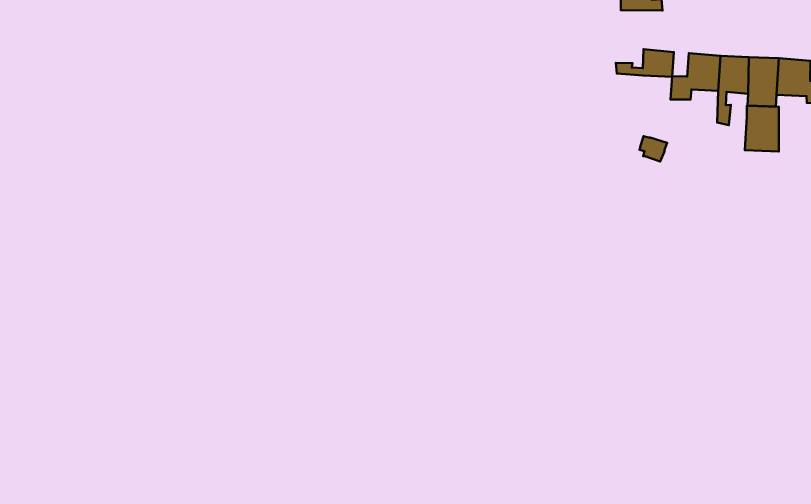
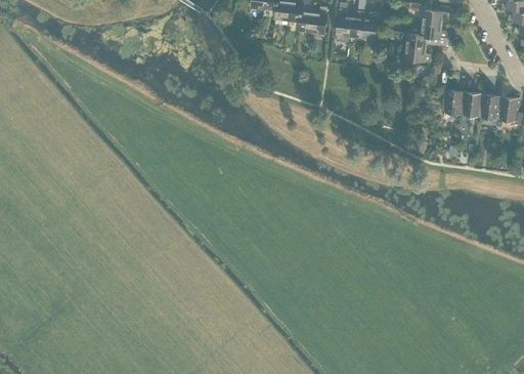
building: [616,49,674,77] -> none
building: [745,106,779,151] -> none

